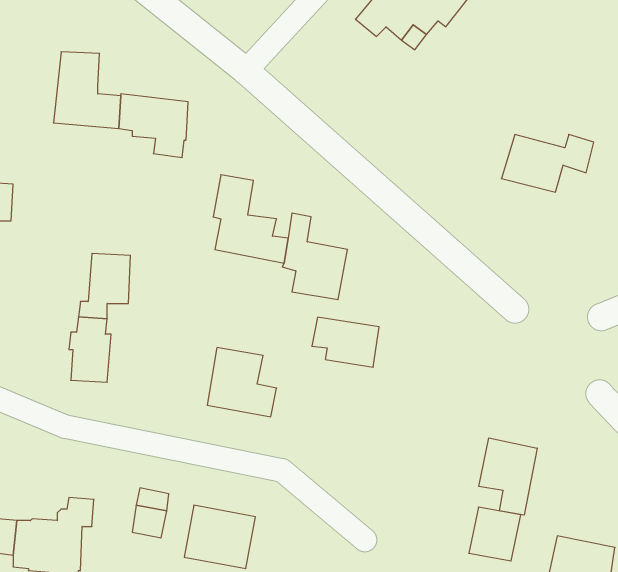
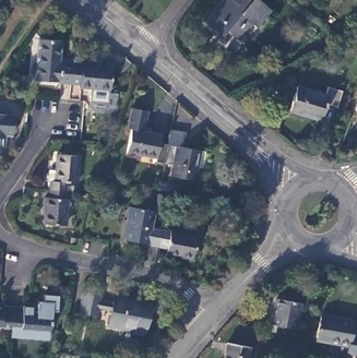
building: [312,317,379,367] -> [159,230,198,259]
building: [479,438,537,515] -> none

